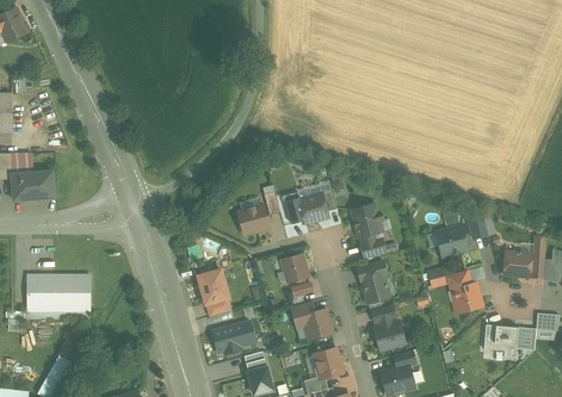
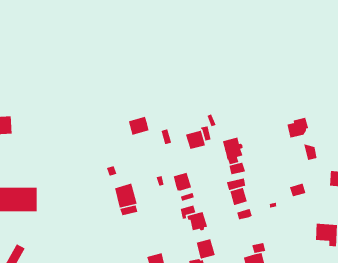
building: [237,204,268,232] -> [128,116,150,136]
building: [437,224,469,255] -> [287,117,309,138]
building: [452,283,481,312] -> none
building: [373,318,403,349] -> none
building: [209,320,255,356] -> none

